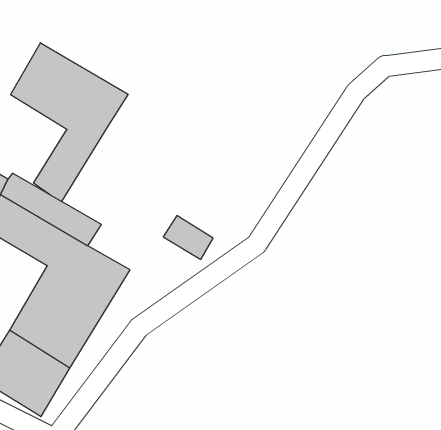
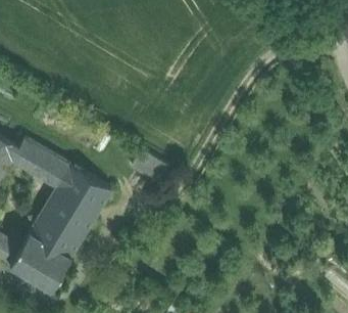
building: [11,43,128,202] -> none

